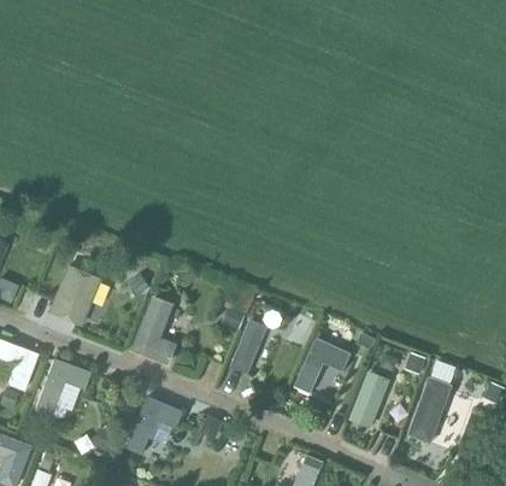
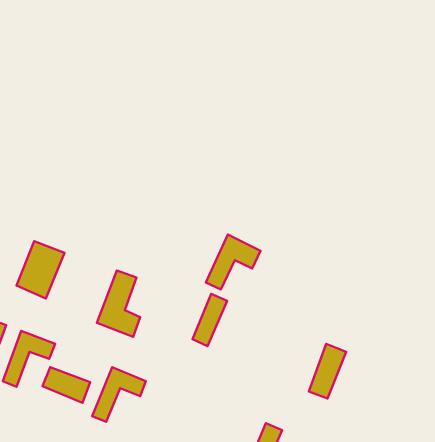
building: [294,336,351,393] -> [206,235,260,289]
building: [408,379,451,443] -> none
building: none -> [42,367,90,403]

